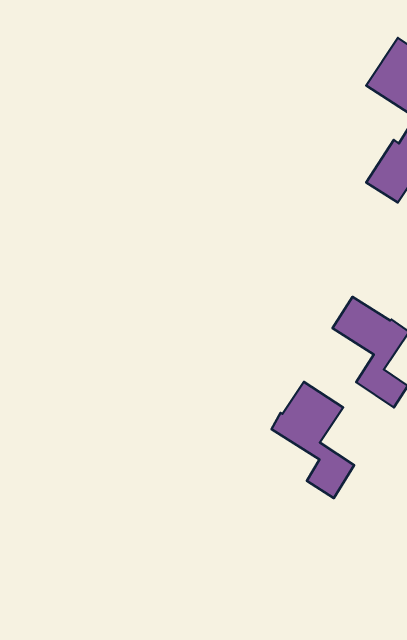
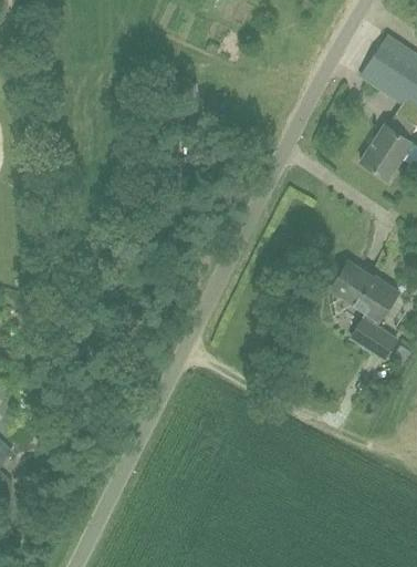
building: [272,382,354,498] -> none

